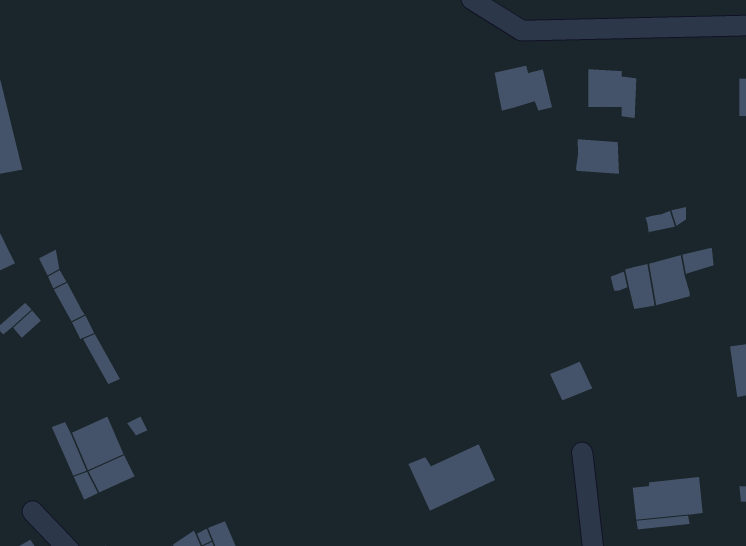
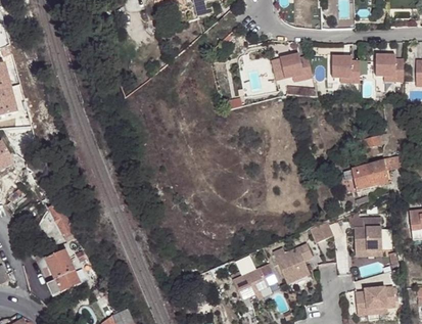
building: none -> [374,56,402,83]
building: [575,138,620,175] -> none
building: none -> [354,215,382,248]
building: none -> [274,242,313,282]

